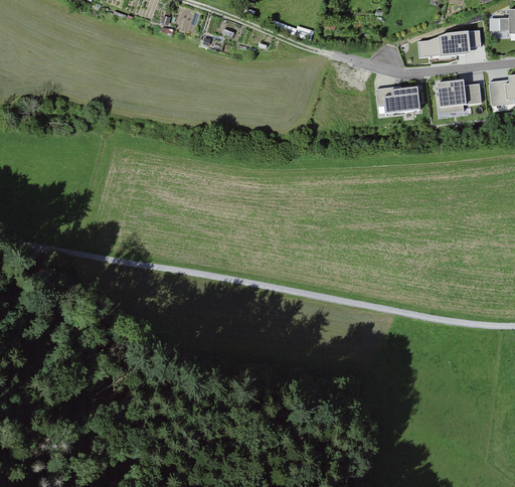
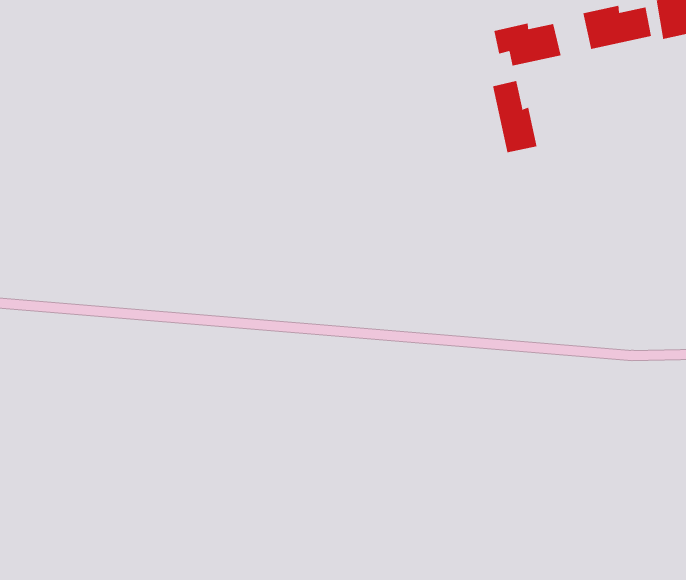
building: none -> [493,80,537,153]

